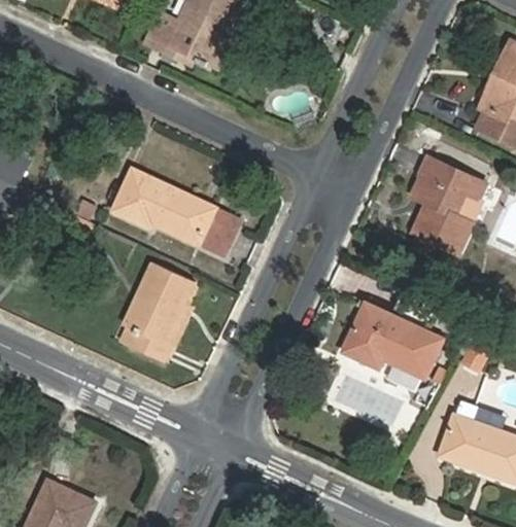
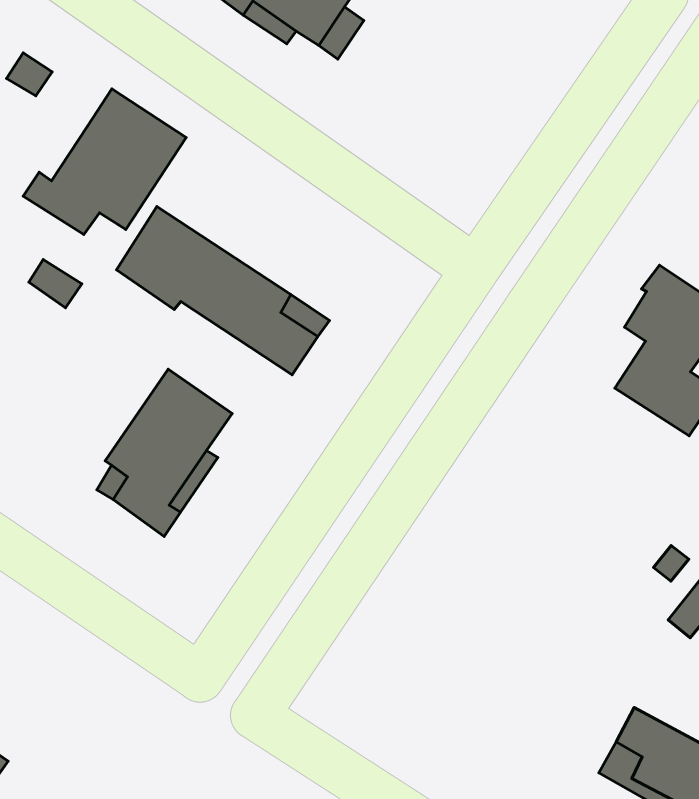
building: none -> [23,89,186,234]
building: [342,303,443,377] -> none

